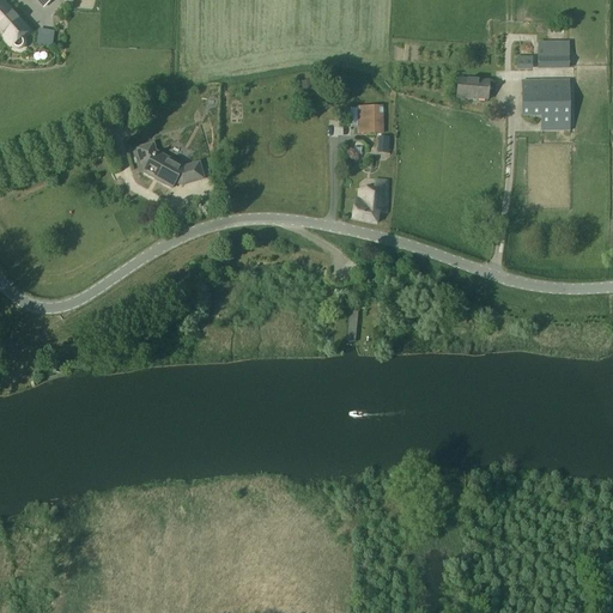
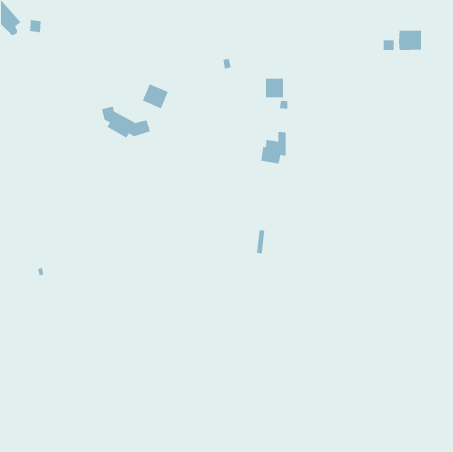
building: [456,77,490,98] -> none
building: [522,78,570,129] -> none
building: none -> [142,83,169,109]

